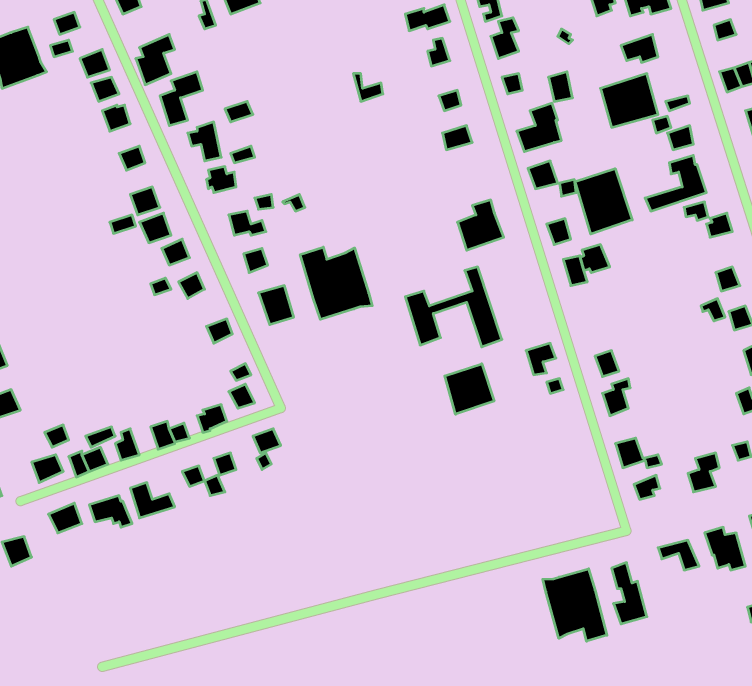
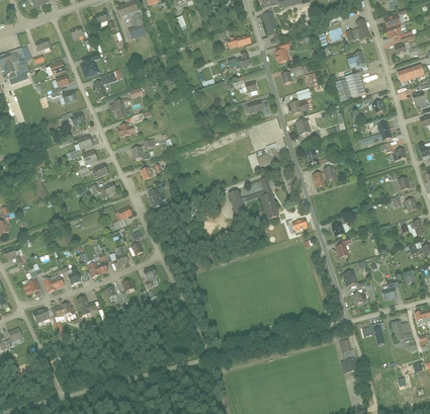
building: [575,169,632,234] -> none
building: [300,247,372,319] -> none
building: [445,364,494,414] -> none
building: [543,569,607,641] -> none

